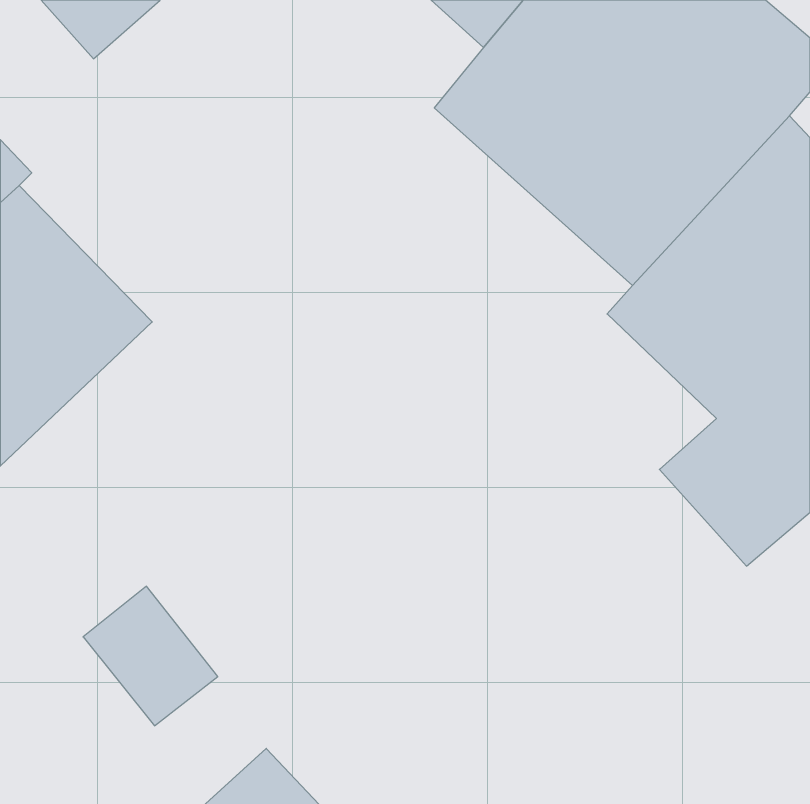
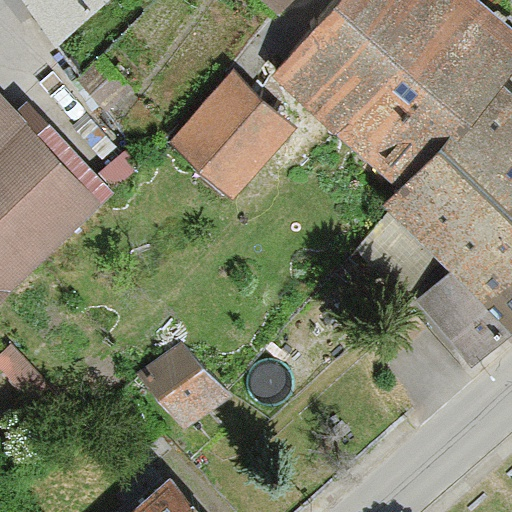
building: none -> [172,72,294,195]
building: [83,586,218,726] -> [142,342,227,430]

